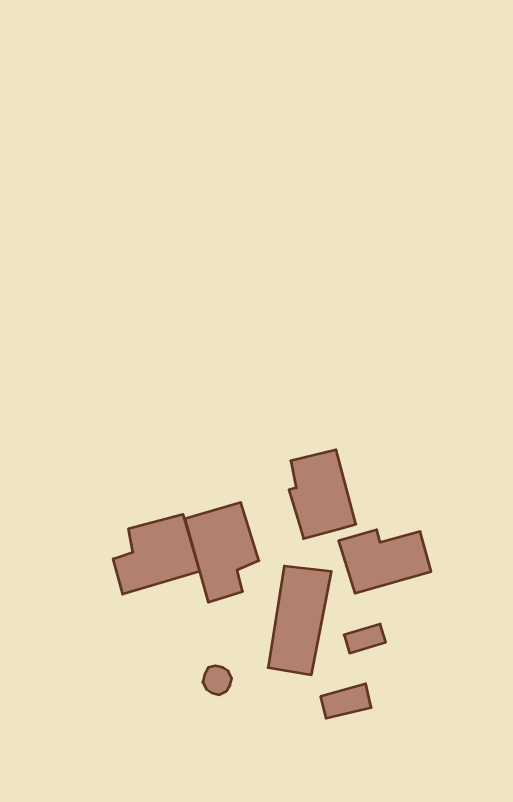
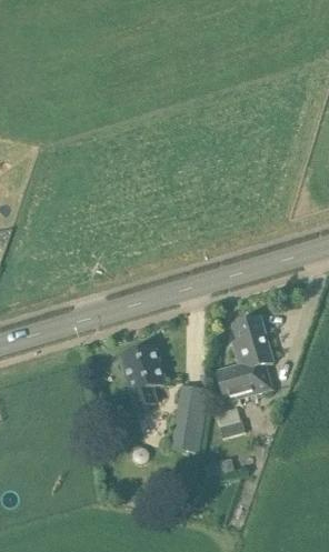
building: [289,450,356,539] -> [232,315,273,370]
building: [113,514,200,594] -> none

